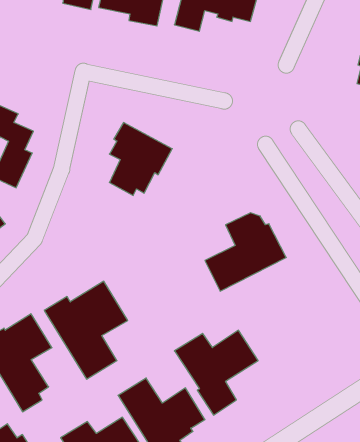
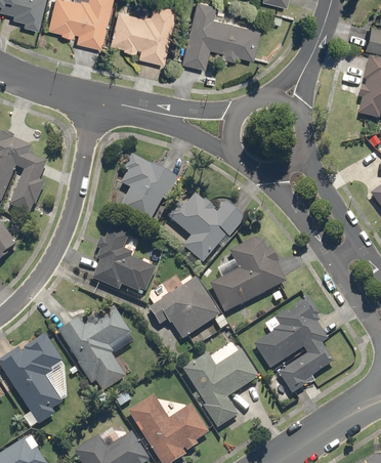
building: none -> [168,191,247,263]
building: none -> [92,225,158,294]
building: none -> [147,276,222,339]
building: none -> [254,295,336,393]

